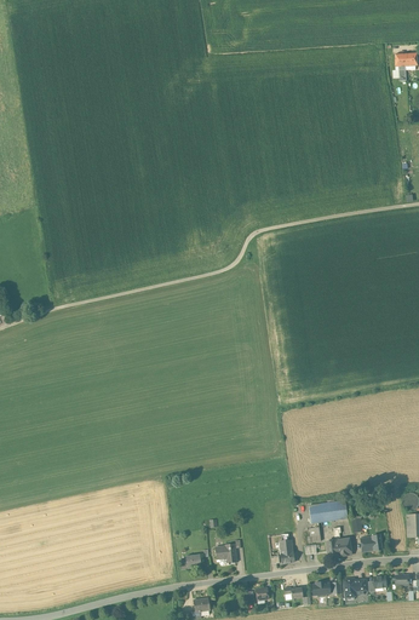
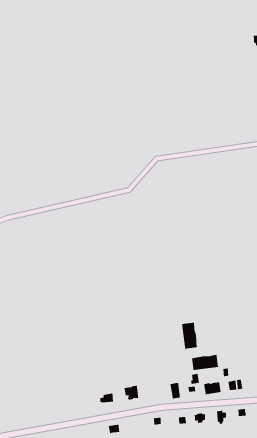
building: none -> [181,322,198,350]

